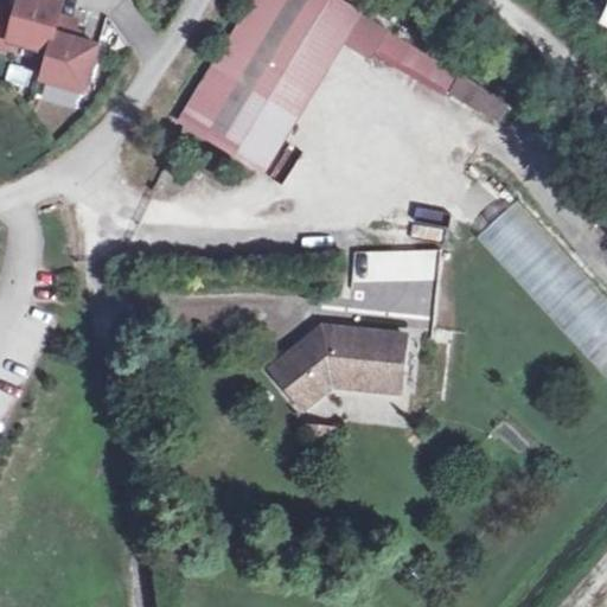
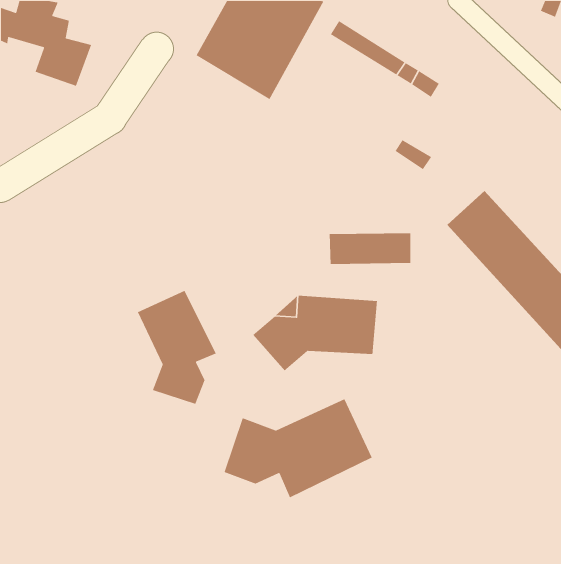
building: [184,64,295,164] -> none
building: none -> [137,290,217,405]
building: none -> [223,398,373,498]

